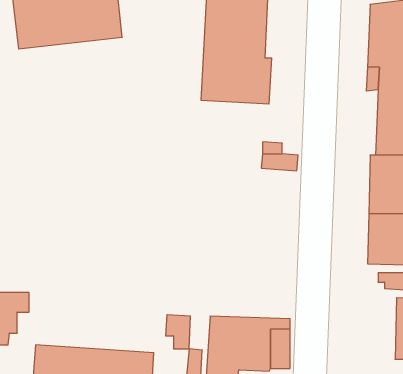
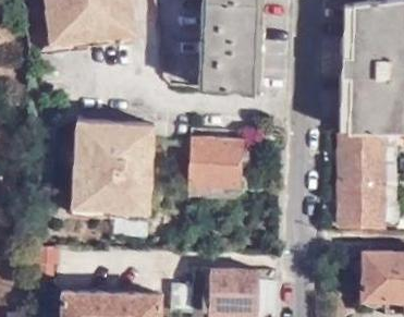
building: none -> [68,119,150,211]
building: none -> [187,138,240,187]

